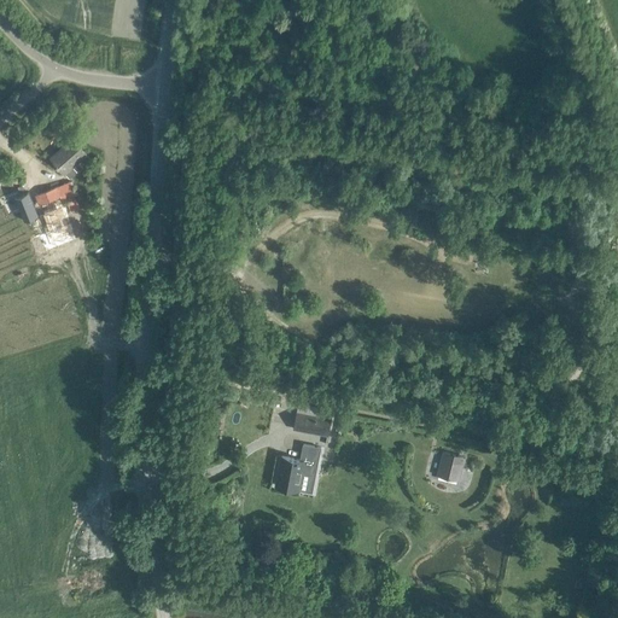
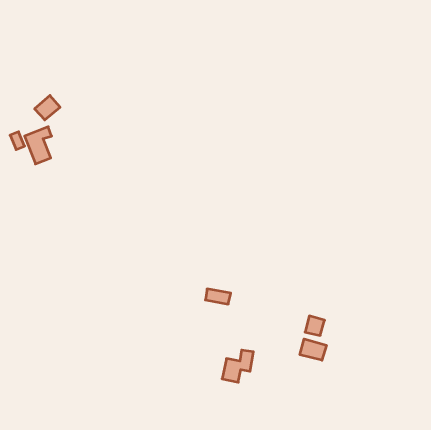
building: [274,447,319,492] -> [222,350,253,382]
building: none -> [300,339,326,360]

